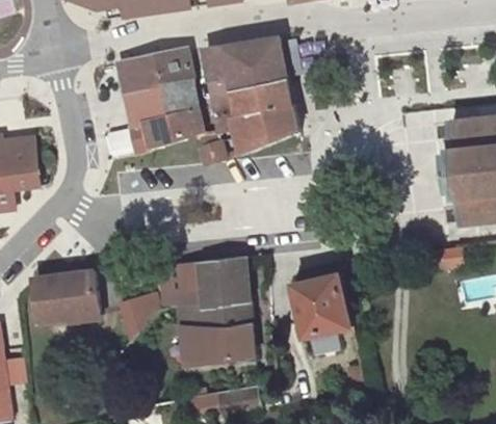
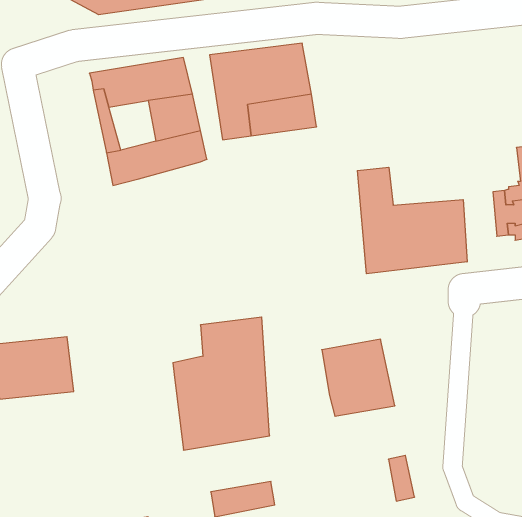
building: [126,84,163,124] -> none
building: [199,105,298,164] -> none
building: none -> [357,167,467,274]
building: [122,263,201,340] -> none

